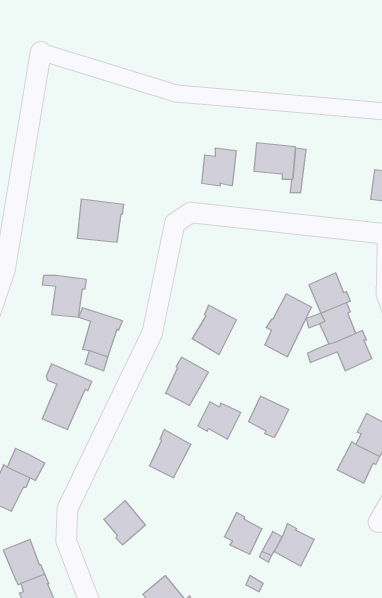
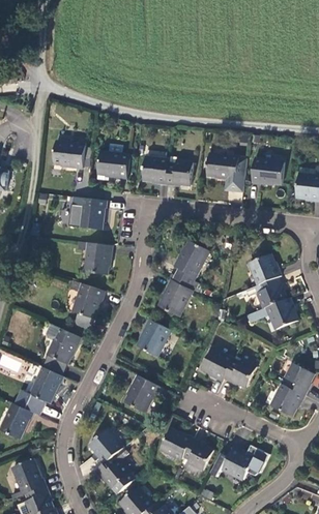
building: none -> [53,139,85,169]
building: none -> [96,143,129,179]
building: none -> [141,154,169,184]
building: none -> [252,158,284,182]
building: [42,276,86,317] -> [78,242,112,274]
building: [265,294,312,357] -> [173,240,209,289]
building: [198,402,241,439] -> [224,359,257,388]
building: none -> [31,366,63,402]
building: none -> [161,429,193,460]
building: none -> [244,446,268,476]
building: none -> [96,448,135,493]

